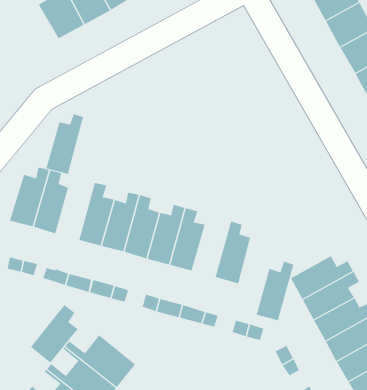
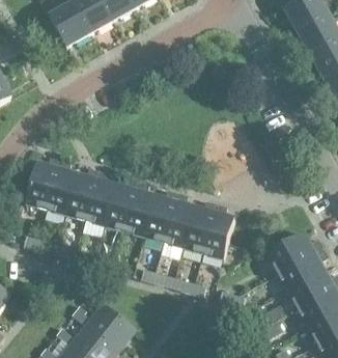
building: [46,113,84,174] -> [65,167,98,220]
building: [256,261,294,321] -> [184,200,217,252]
building: [30,304,78,364] -> none

